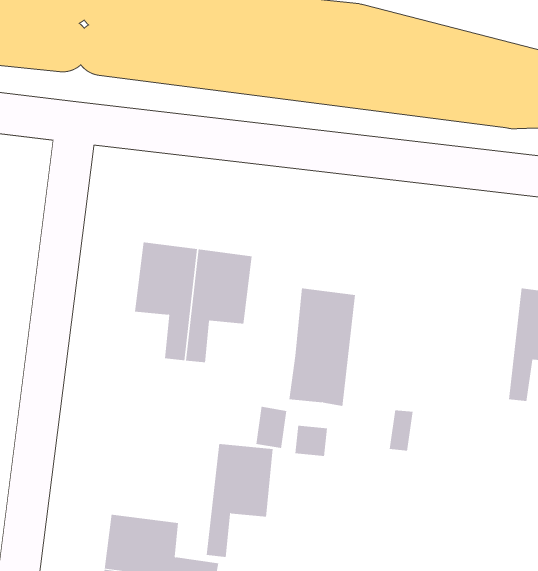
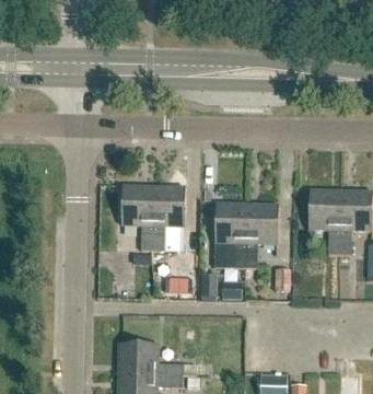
building: none -> [308,189,341,255]
building: [206,444,273,557] -> [246,204,279,268]

